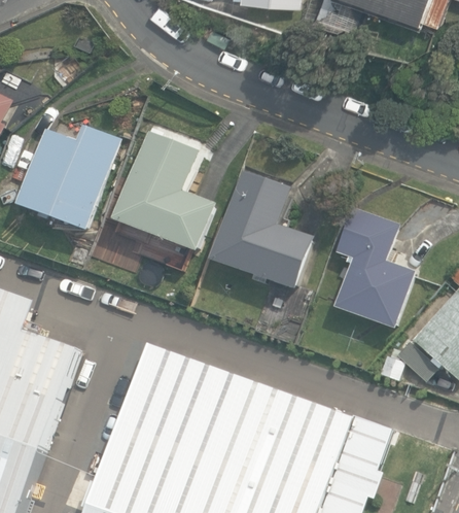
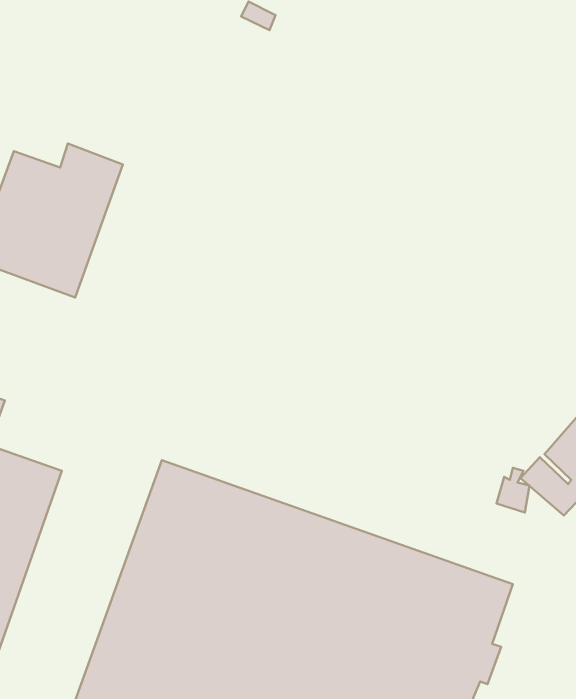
building: [113,132,215,252] -> none
building: [210,171,313,290] -> none
building: [333,209,414,329] -> none

